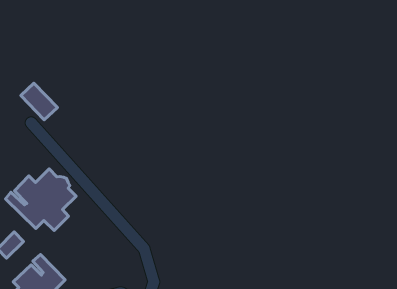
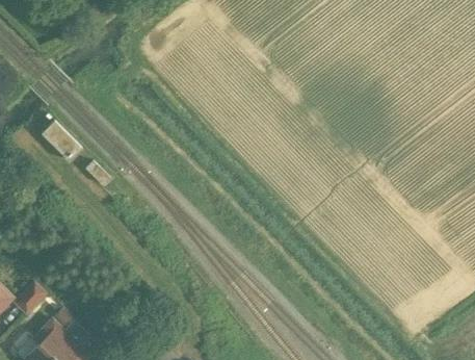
building: [6,169,76,231] -> none

